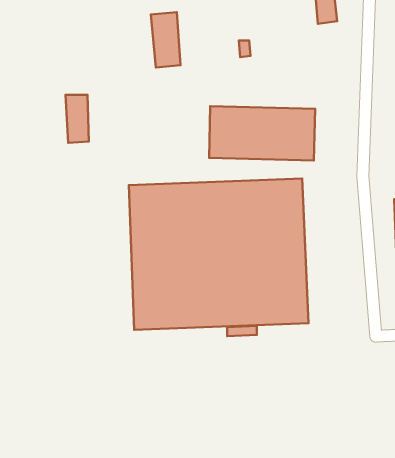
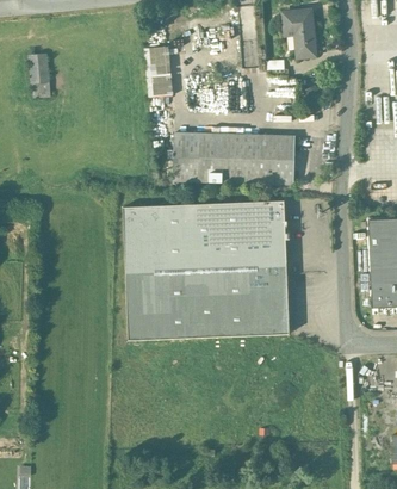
building: [66,95,89,143] -> [27,52,49,97]
building: none -> [173,132,199,181]

